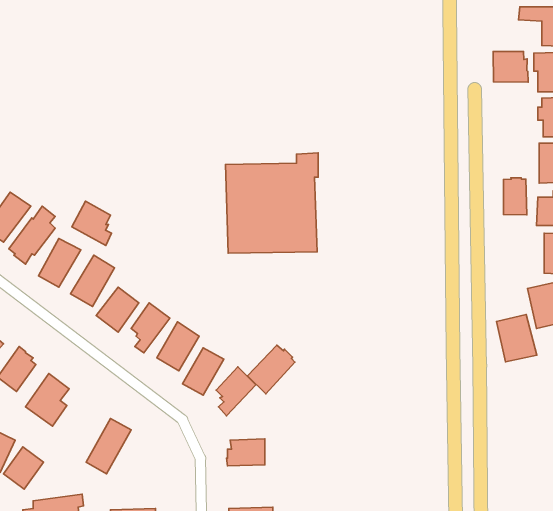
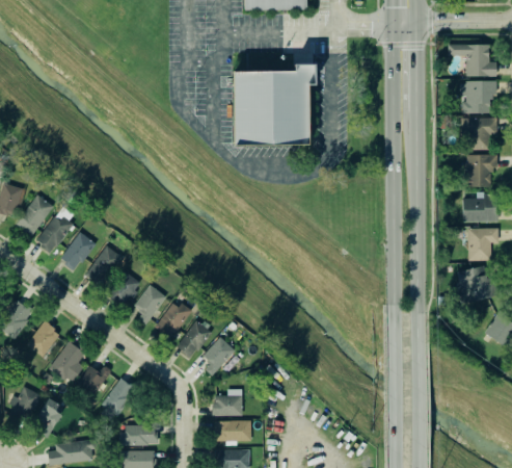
building: [493,51,528,82] -> none
building: [226,153,318,253] -> [233,64,307,146]
building: [503,178,527,215] -> none
building: [72,201,111,245] -> none
building: [497,315,537,362] -> none
building: [248,345,295,394] -> none
building: none -> [78,364,111,395]
building: none -> [215,419,252,440]
building: none -> [123,424,158,444]

